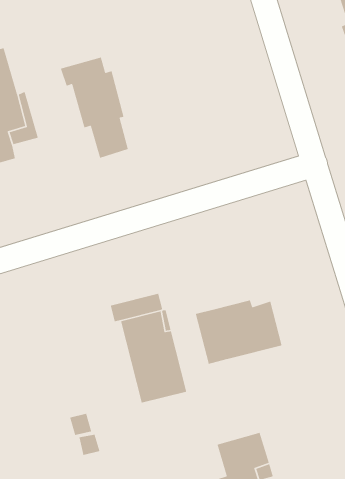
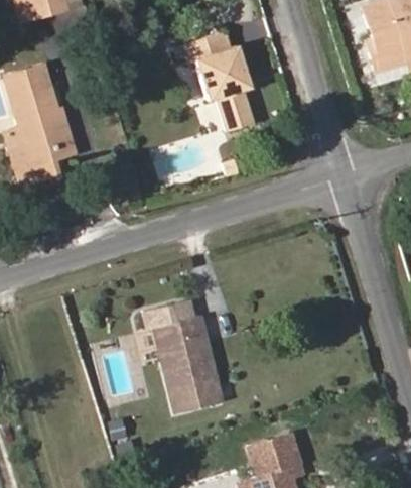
building: [60,57,129,159] -> [186,27,253,126]
building: [195,300,282,365] -> none

